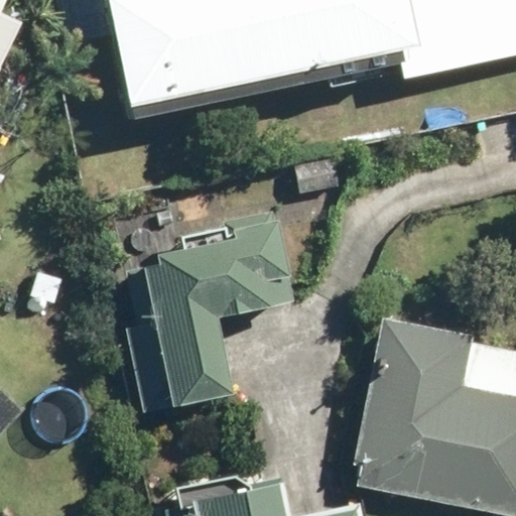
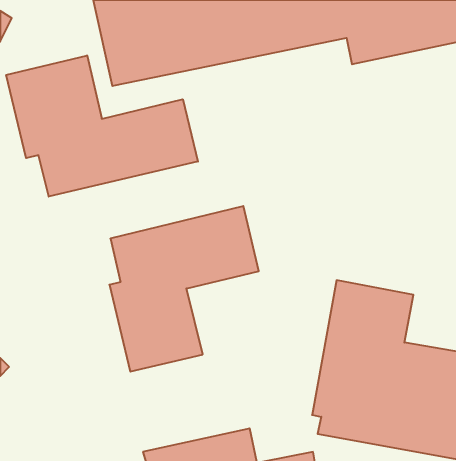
building: none -> [6,55,198,197]

